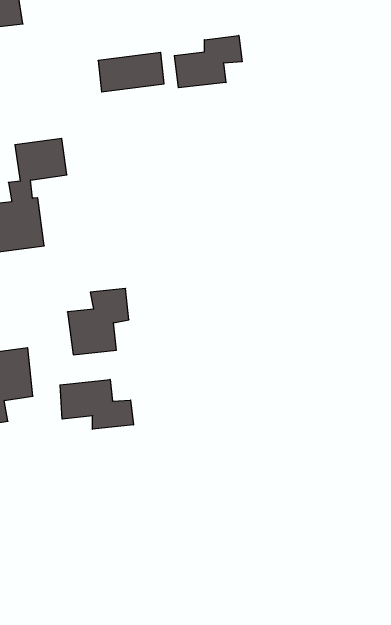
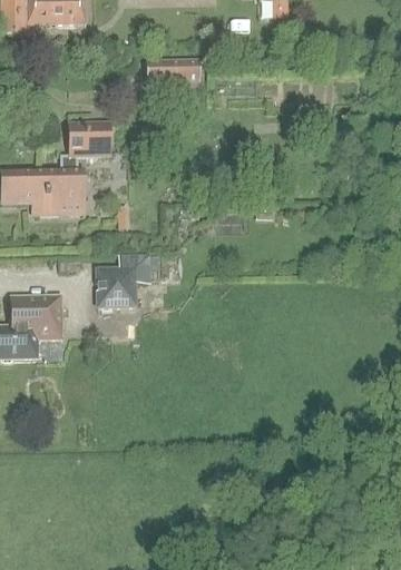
building: [174,35,242,88] -> none
building: [60,379,133,429] -> none

